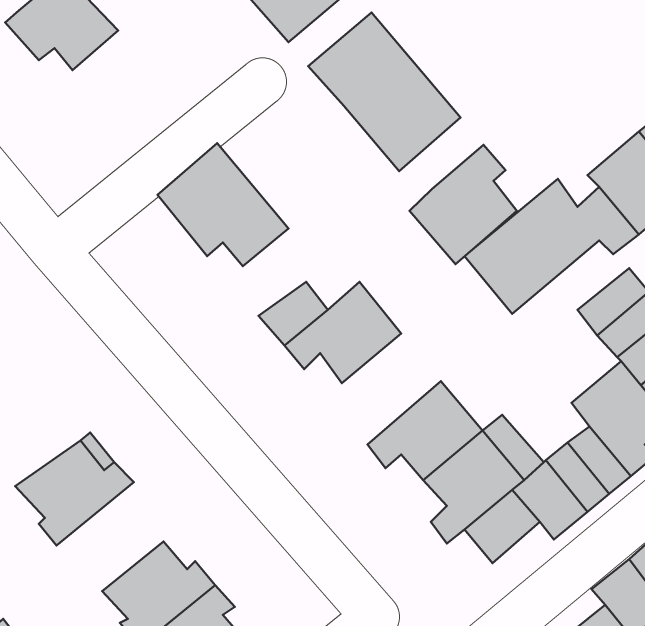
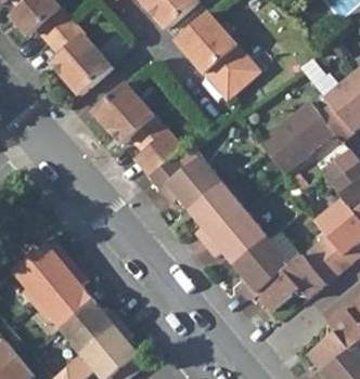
building: none -> [43,18,107,92]
building: [409,145,517,264] -> none
building: none -> [129,127,181,174]
building: none -> [191,184,245,245]
building: none -> [35,265,93,325]

